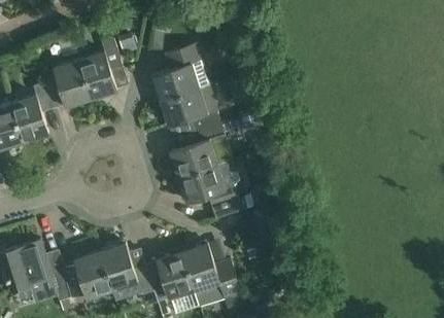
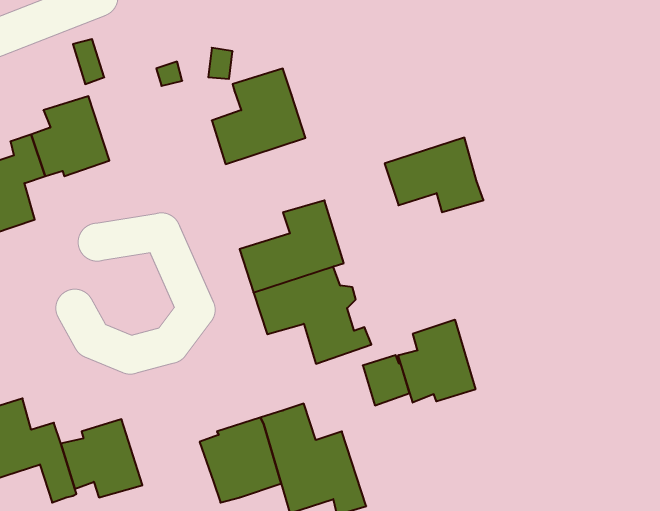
building: [79,40,122,99] -> none
building: [161,85,219,130] -> [385,138,484,212]
building: none -> [398,320,475,403]
building: [99,244,153,293] -> none

